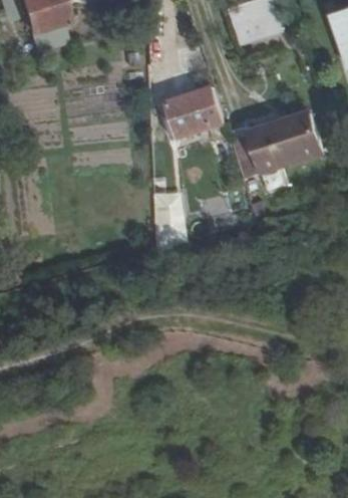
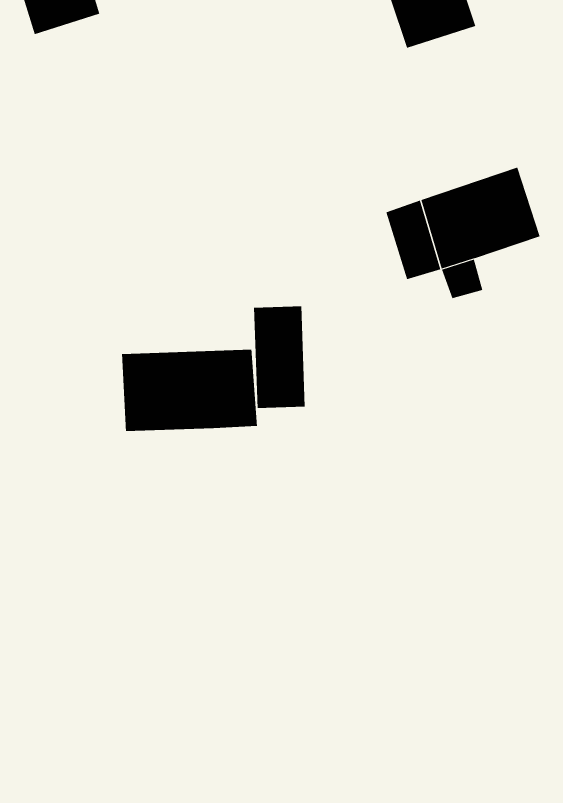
building: [167,88,226,138] -> none
building: none -> [122,349,258,432]

